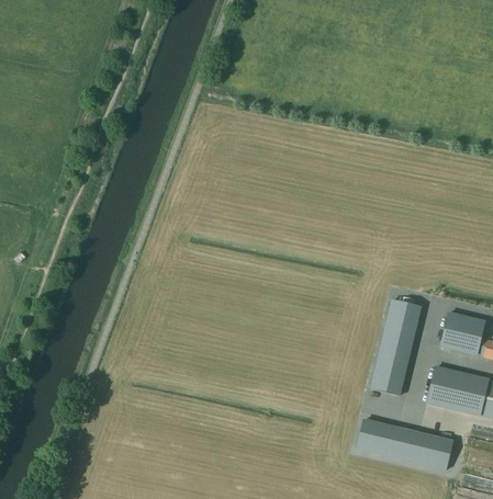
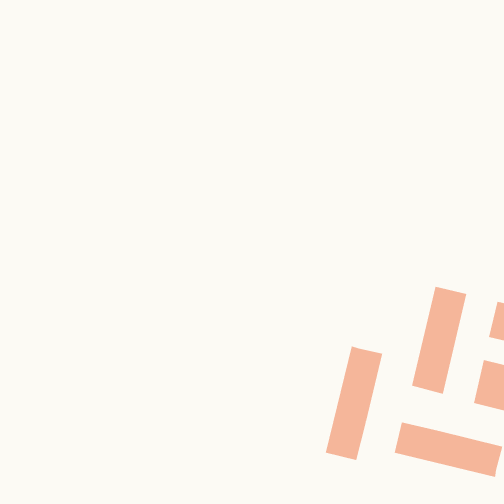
building: none -> [325,345,383,461]

